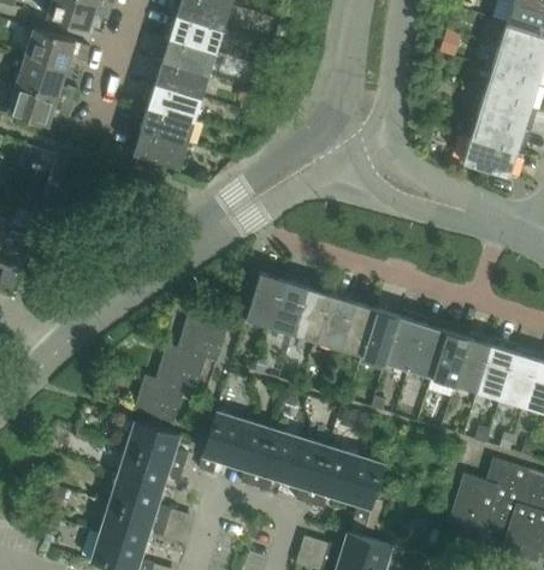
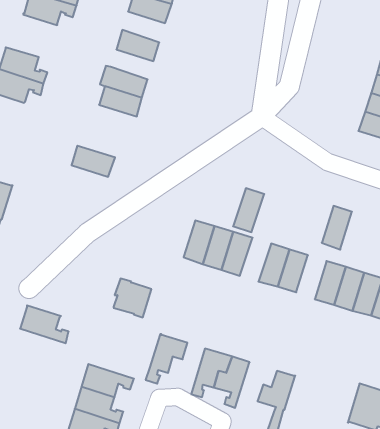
building: [170,14,223,53] -> none
building: [25,30,90,71] -> none
building: [155,61,208,99] -> none
building: [134,130,188,168] -> [71,146,115,177]
building: [315,295,354,349] -> [233,188,264,232]
building: [181,314,229,362] -> none
building: [385,316,422,370] -> [322,206,352,250]
building: [134,376,184,424] -> none
building: [128,422,188,469] -> [20,305,69,343]
building: [226,424,272,488] -> none
building: [309,449,361,510] -> none

